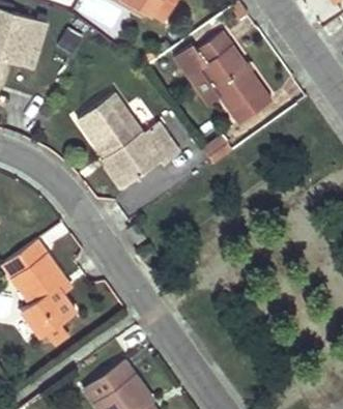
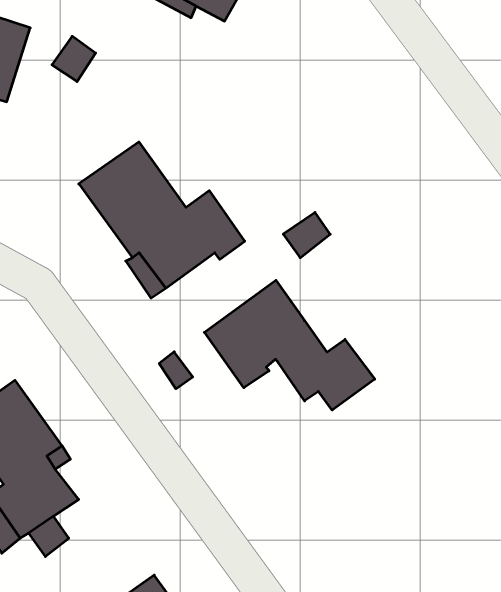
building: [175,31,273,124] -> none
building: none -> [204,280,375,410]

